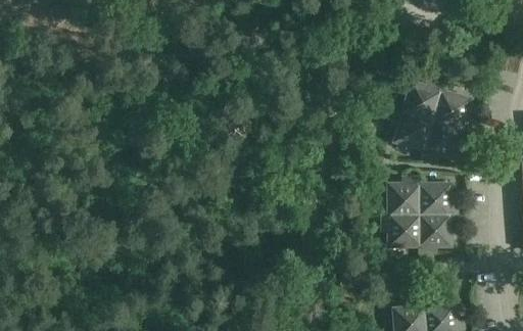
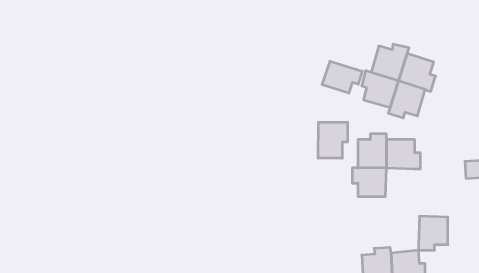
building: none -> [322,61,362,93]
building: none -> [318,122,348,158]
building: [417,216,448,252] -> [419,216,448,250]

